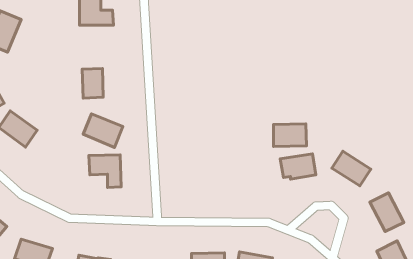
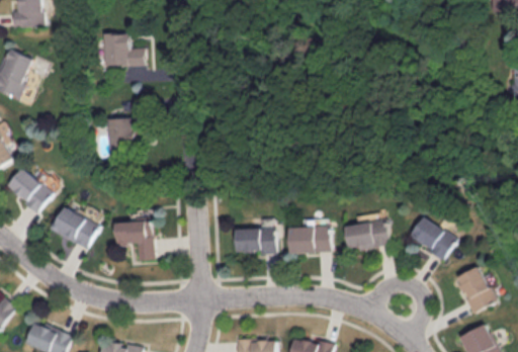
building: [83,114,123,148] -> [52,207,99,248]
building: [274,124,307,147] -> [290,226,330,253]
building: none -> [237,227,276,254]

